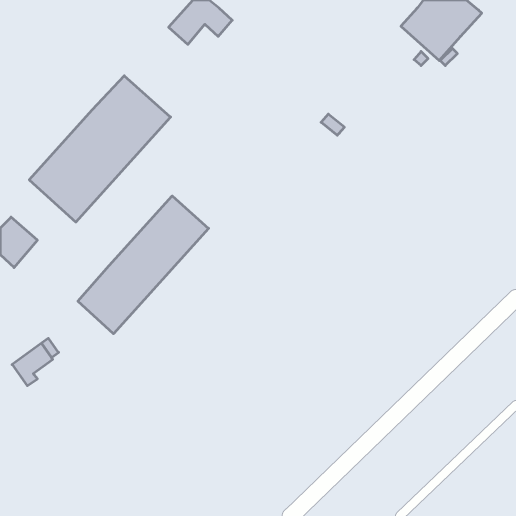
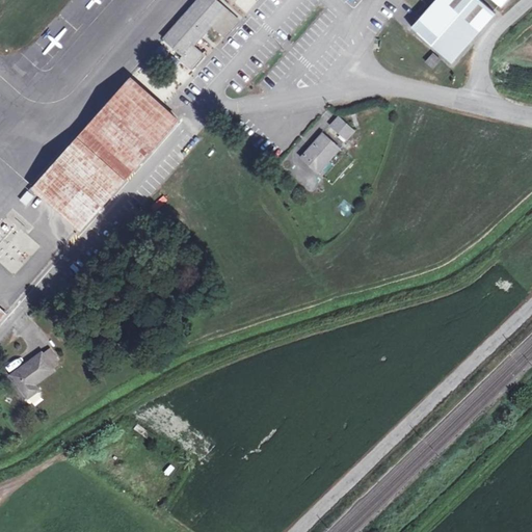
building: none -> [164,28,204,69]
building: none -> [302,134,340,172]
building: [78,196,209,334] -> none

